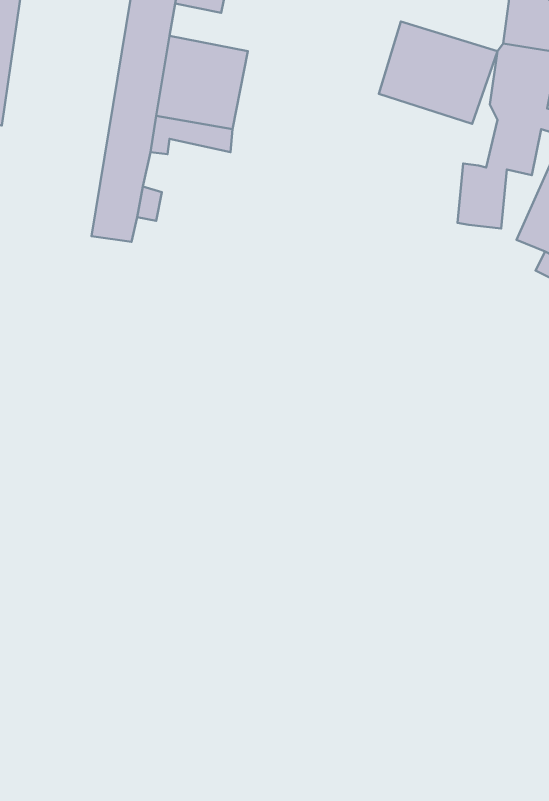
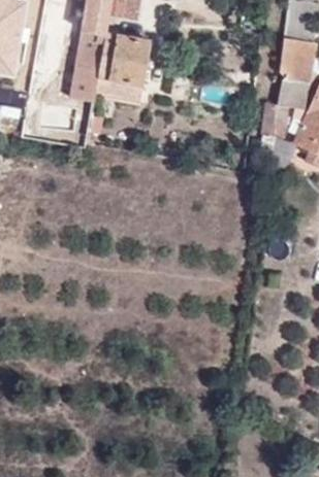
building: [379,22,497,124] -> none

